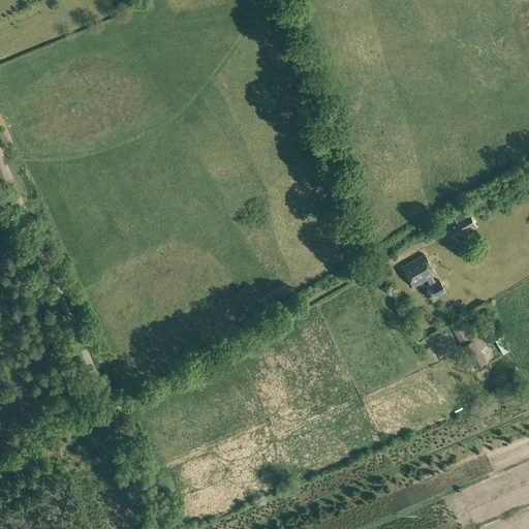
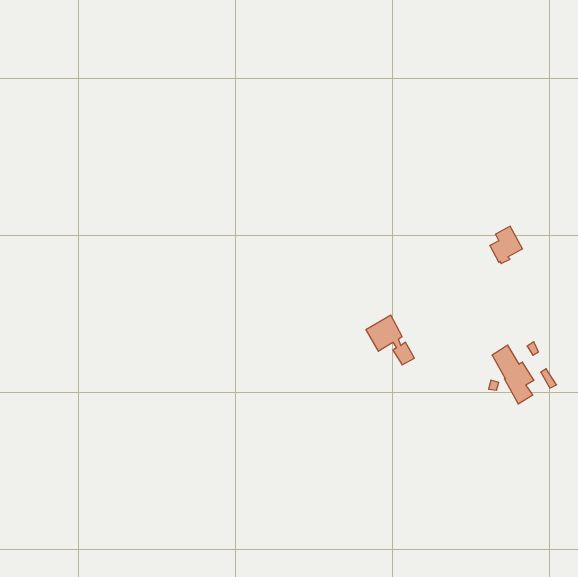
building: [402,254,446,300] -> [366,315,414,365]

